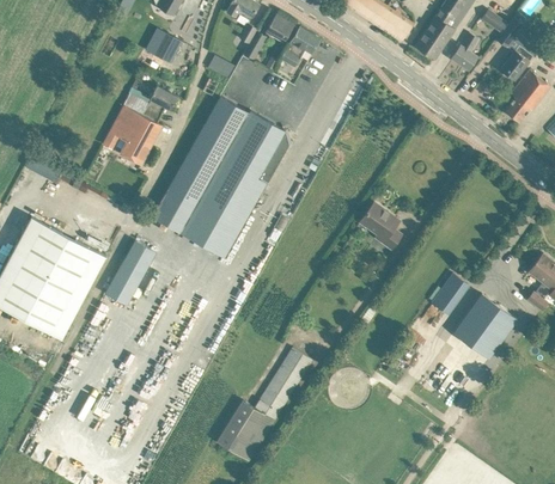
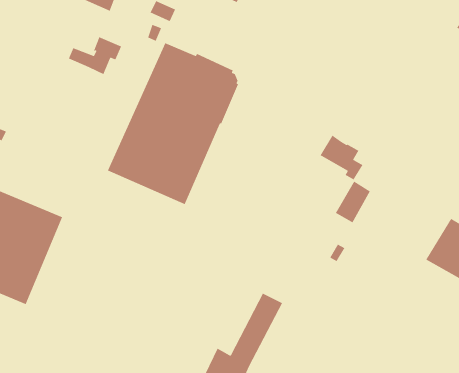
building: [103,104,161,164] -> none
building: [105,240,157,305] -> none
building: [432,272,469,314] -> [335,180,371,224]

